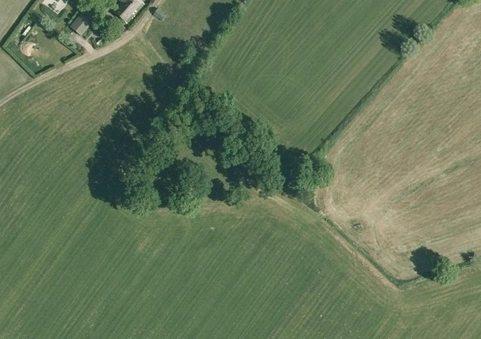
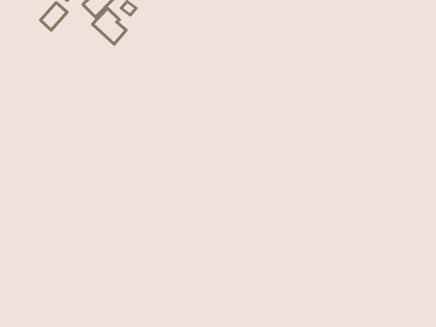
building: none -> [93,8,126,44]

